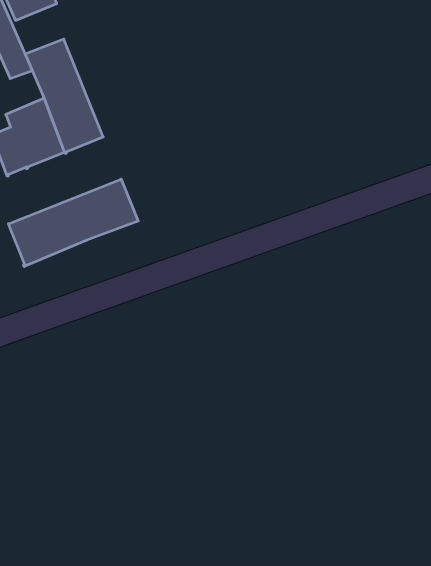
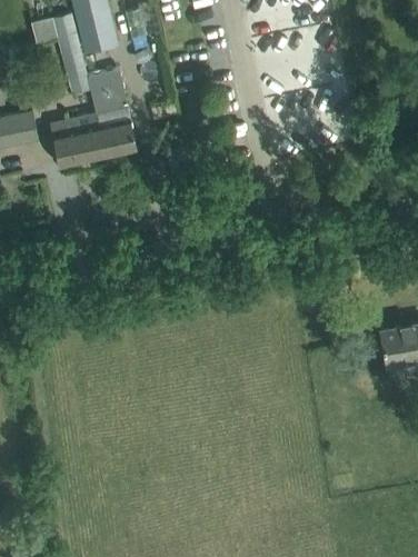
building: [8,179,138,267] -> none

